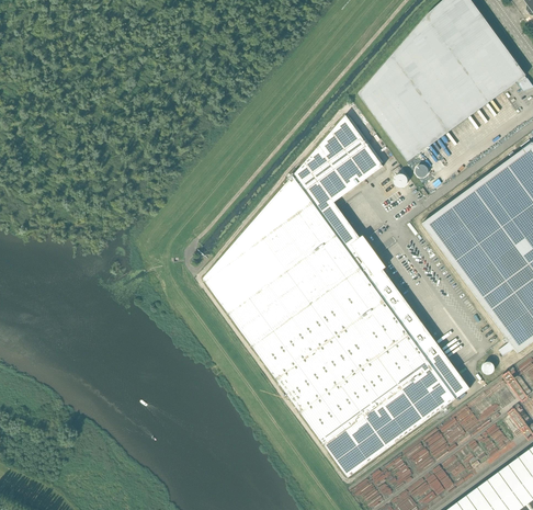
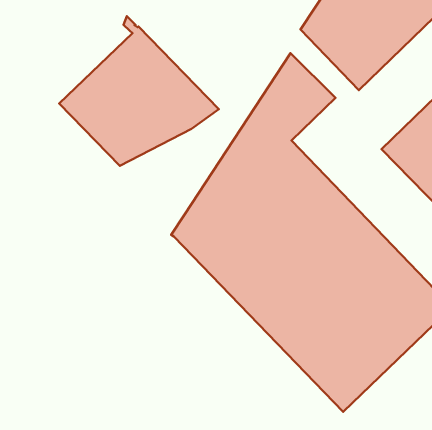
building: none -> [59,16,219,166]

